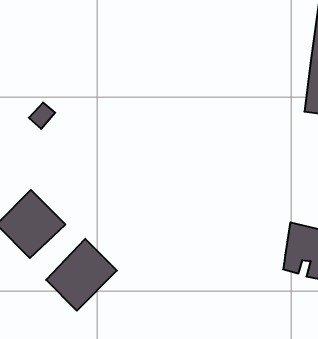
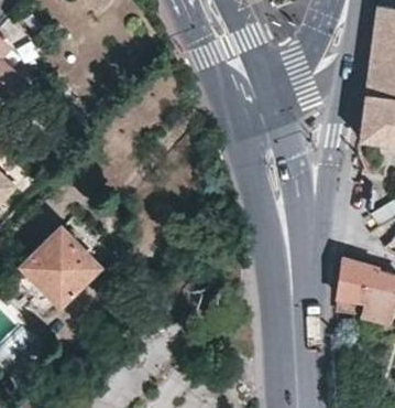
building: [46,239,117,311] -> none

